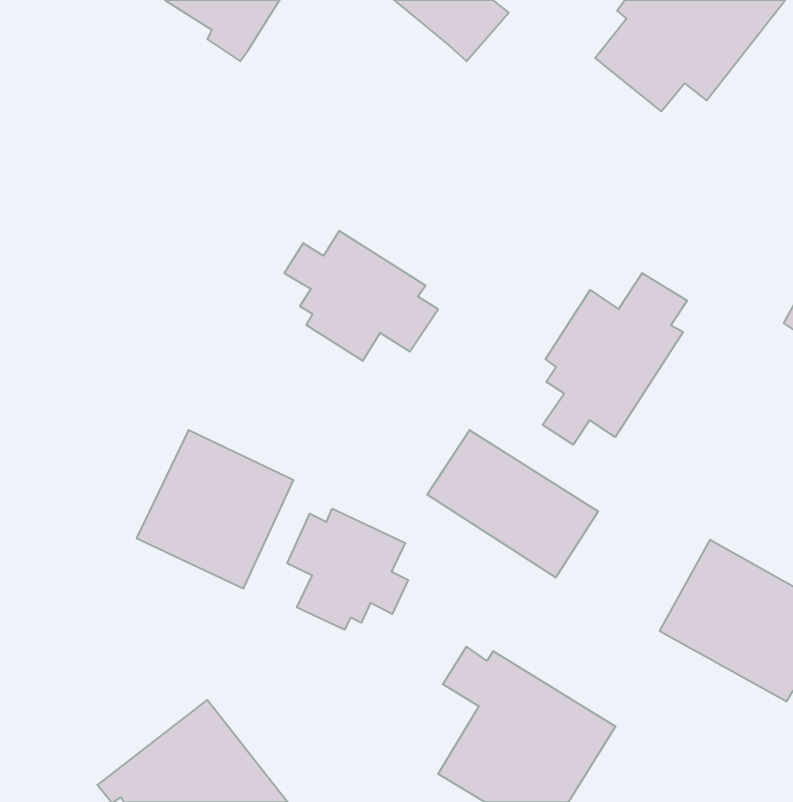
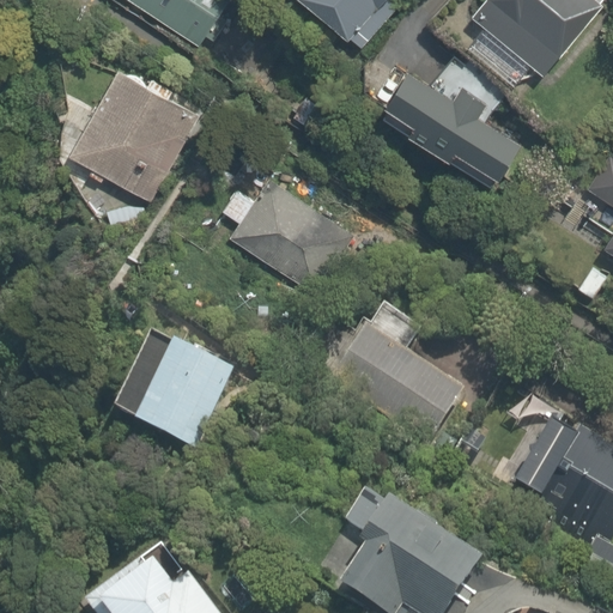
building: none -> [371,59,516,181]
building: none -> [71,69,200,201]
building: [543,273,687,445] -> none
building: [287,509,408,630] -> none

